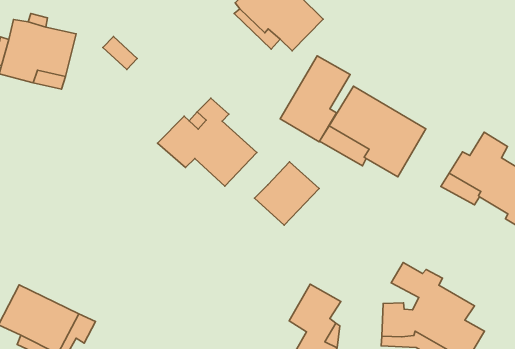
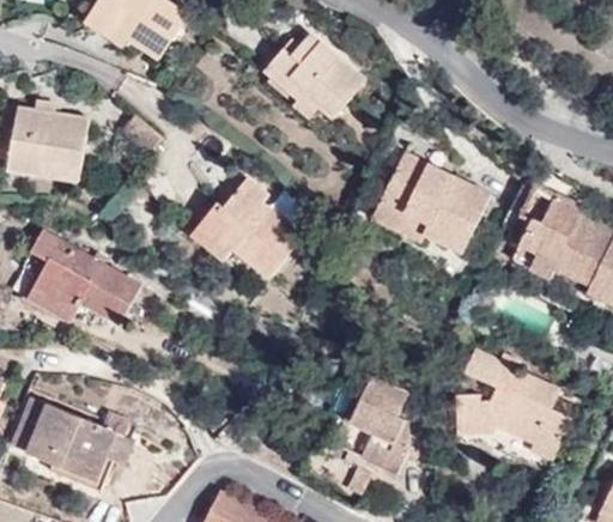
building: [280,56,350,142] -> none
building: none -> [20,230,140,322]
building: [254,162,319,225] -> none

